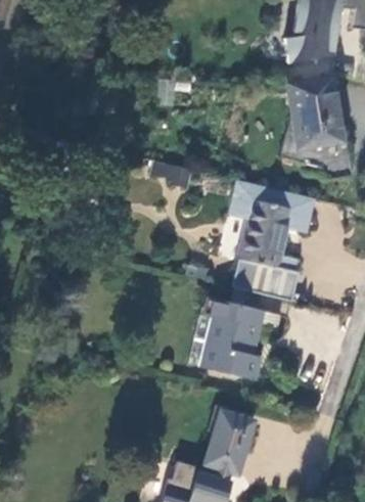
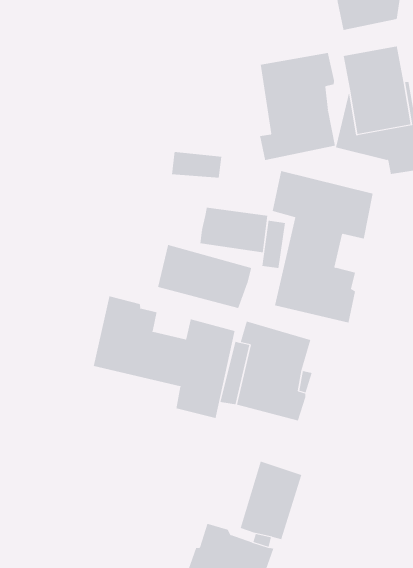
building: none -> [260,52,336,161]
building: none -> [200,207,268,253]
building: none -> [157,244,252,309]
building: none -> [93,295,235,419]

